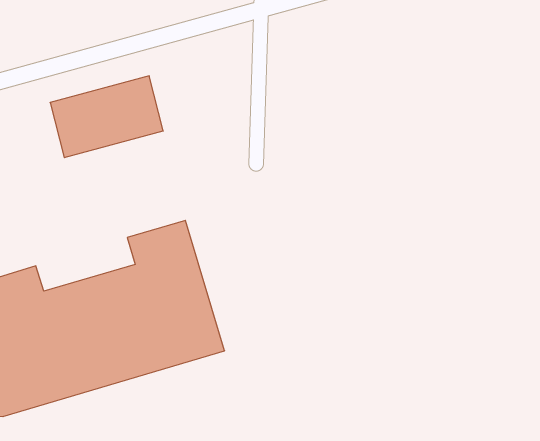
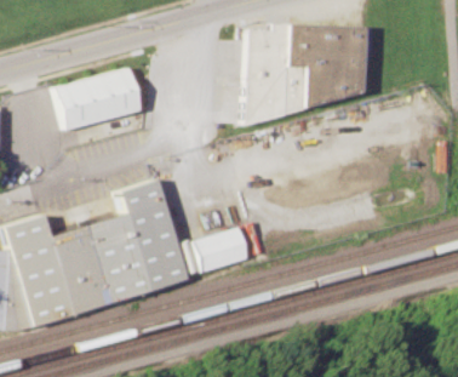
building: none -> [241,25,365,127]
building: none -> [191,227,250,273]

